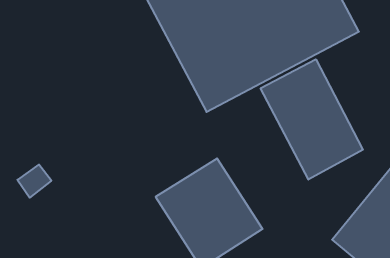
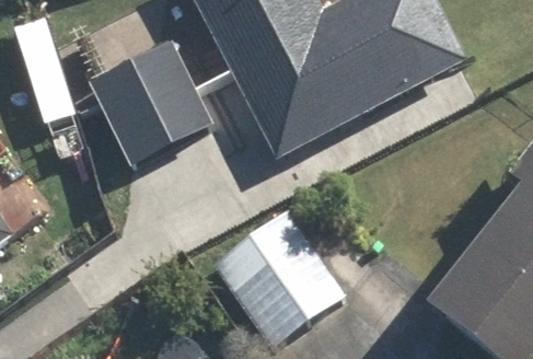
building: none -> [86,36,212,164]
building: [261,59,363,180] -> none

